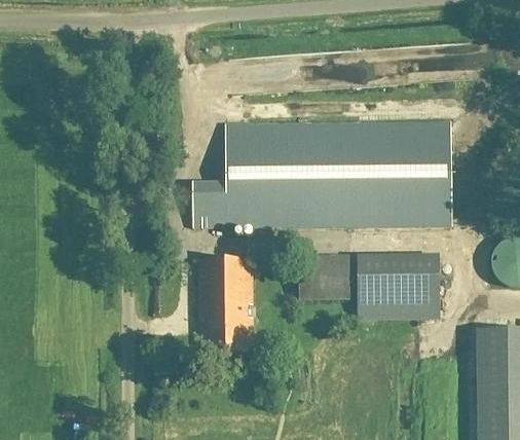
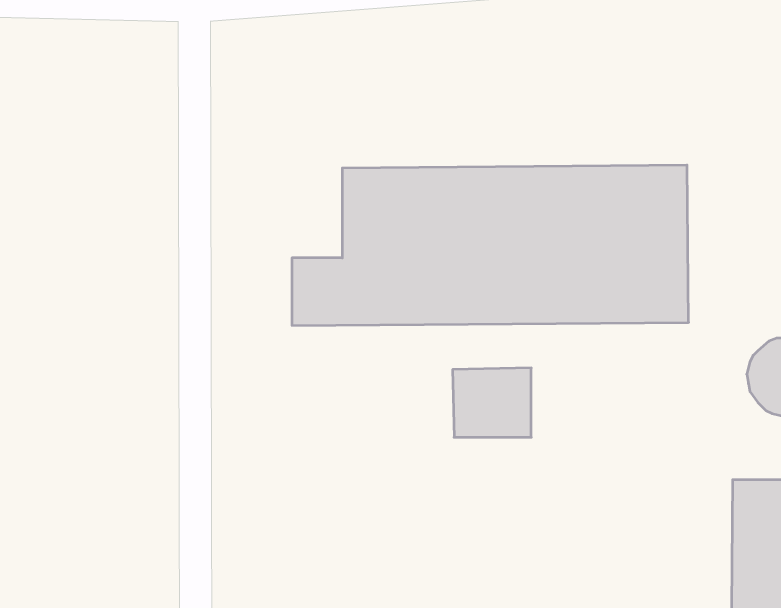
building: [356,253,439,318] -> none
building: [197,258,252,350] -> none

